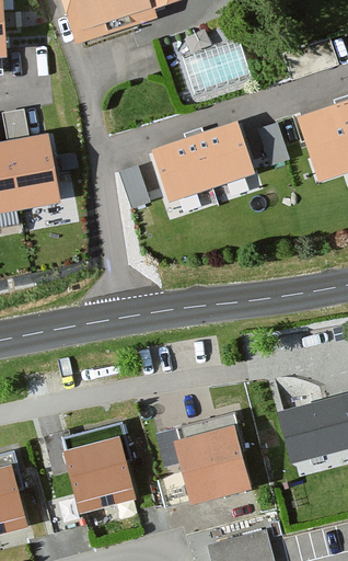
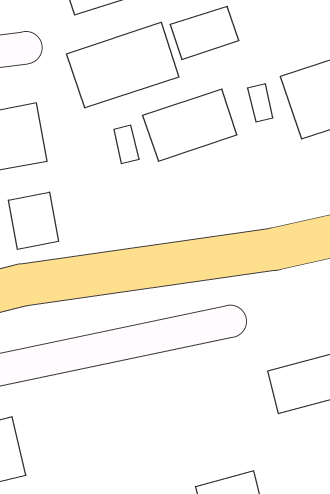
building: none -> [66,22,179,108]
building: none -> [8,192,58,249]
building: [184,431,254,504] -> none
building: [71,439,141,512] -> none

